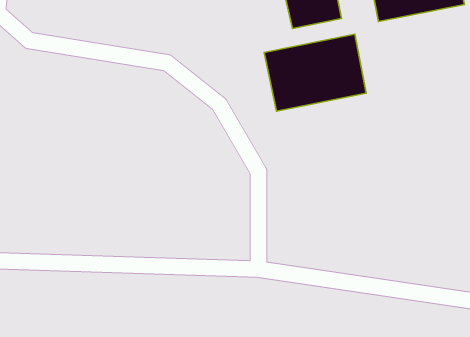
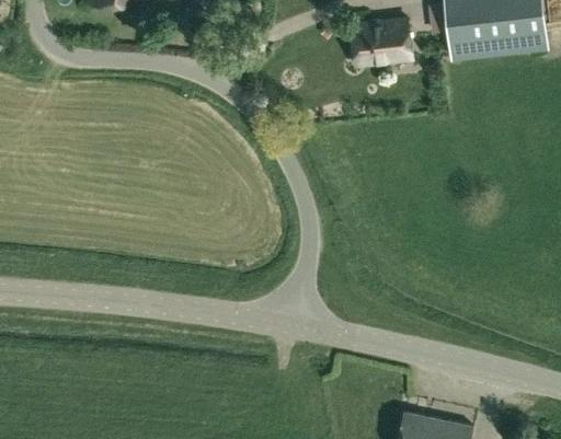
building: [264,34,366,111] -> none

